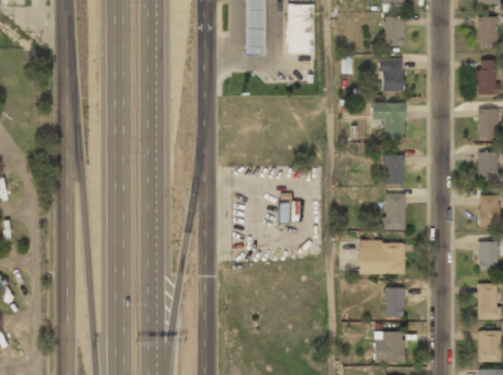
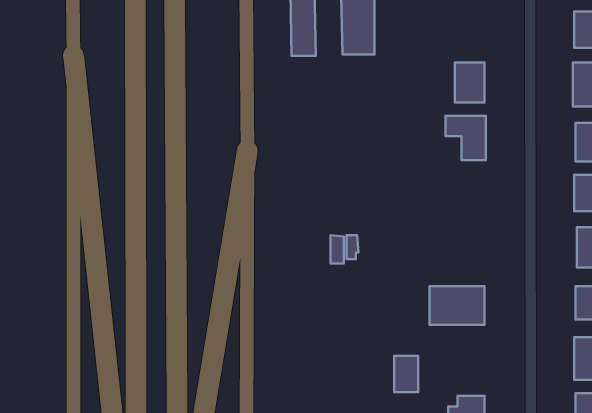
building: [384,16,404,47] -> none
building: [384,155,404,185] -> none
building: [384,193,405,230] -> none
building: [384,288,404,318] -> [394,356,418,392]

